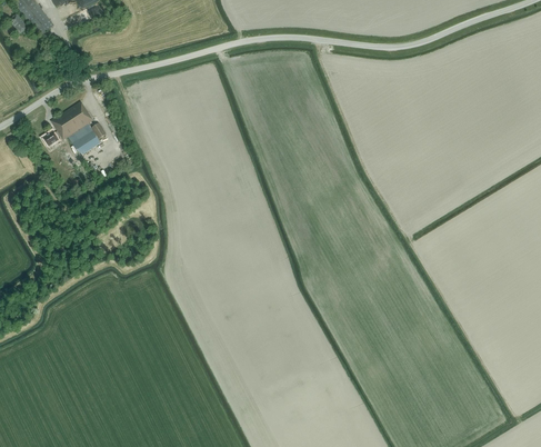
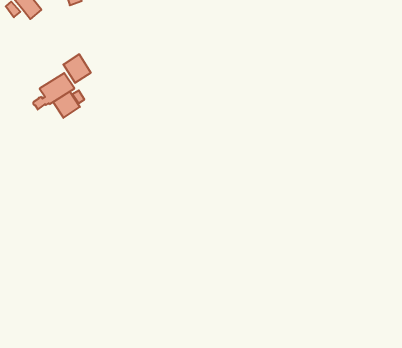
building: none -> [63,54,91,83]

